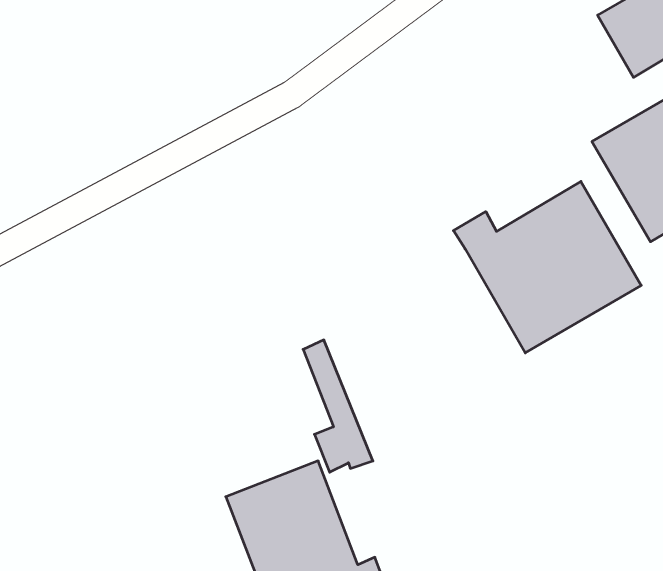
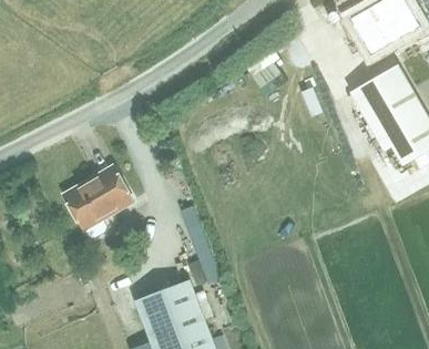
building: [453,181,641,353] -> none
building: none -> [64,168,131,236]

